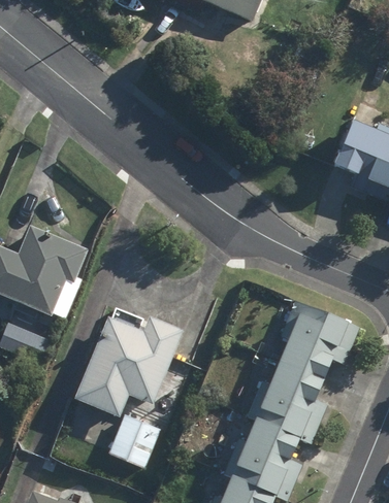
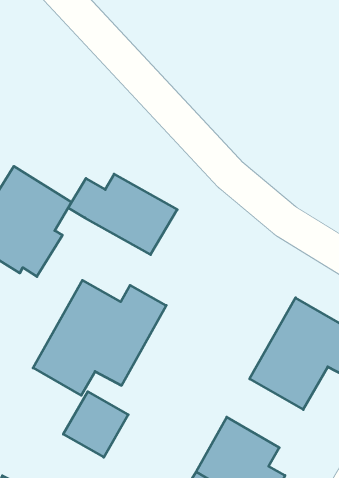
building: none -> [68,174,177,255]
building: [249,382,329,445] -> none

